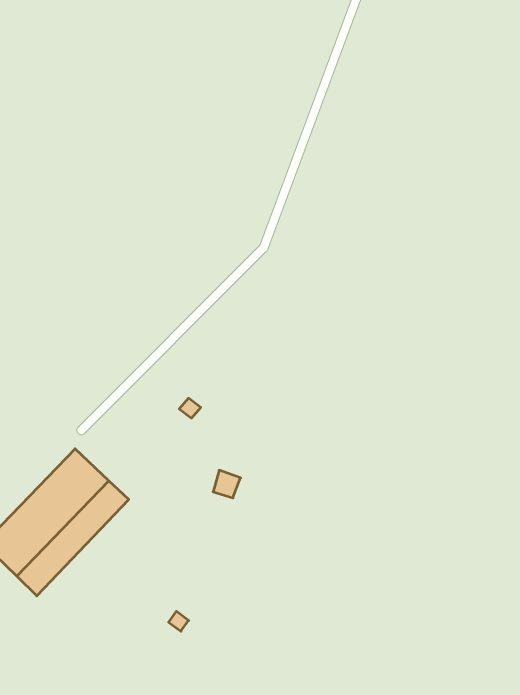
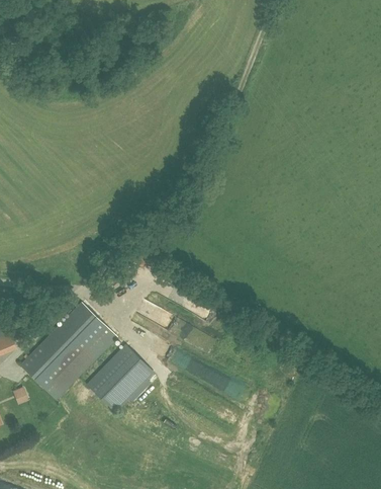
building: none -> [86,343,155,413]

